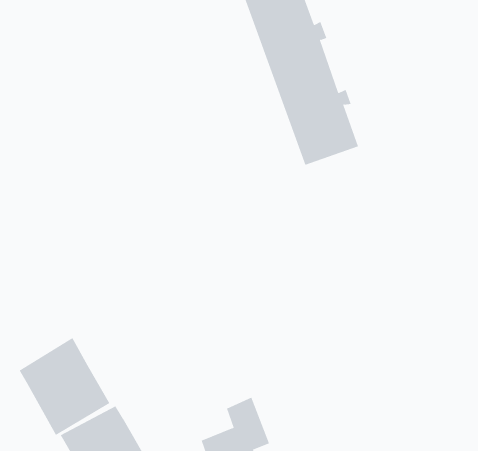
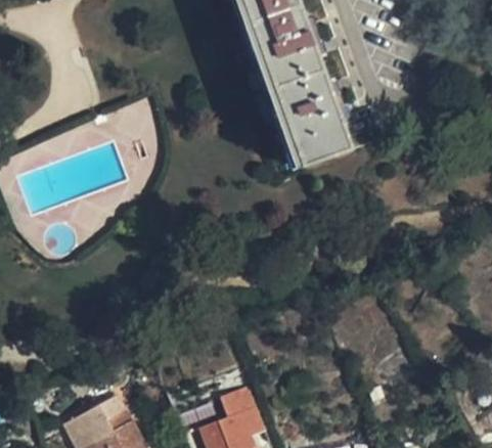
building: [19,337,110,436] -> none

